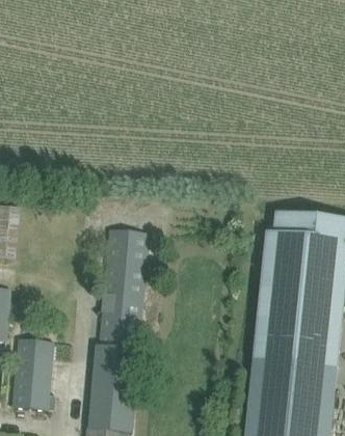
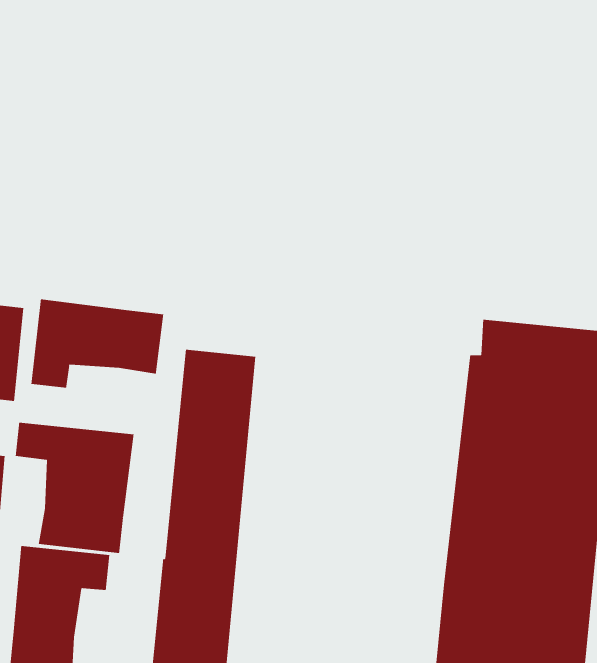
building: none -> [31,298,164,389]
building: none -> [15,422,134,554]

